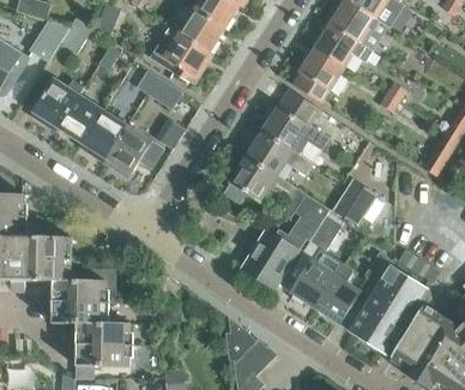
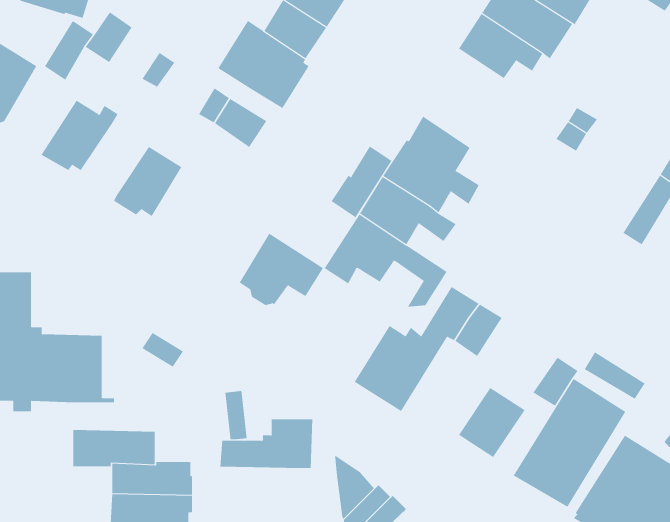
building: [291,42,343,100] -> none
building: [56,92,102,140] -> none
building: none -> [331,145,392,218]
building: [104,122,162,172] -> [239,233,324,306]
building: [332,176,373,221] -> none
building: [288,256,333,304] -> none
building: [50,268,114,301] -> [220,419,313,469]

